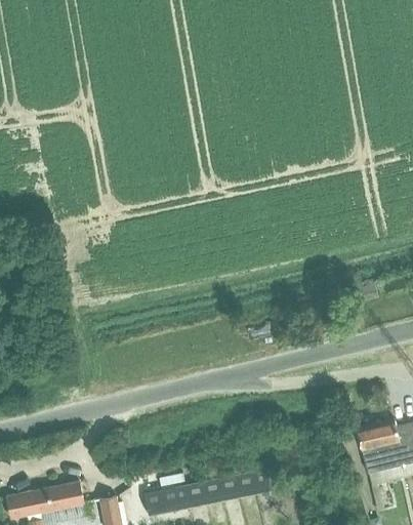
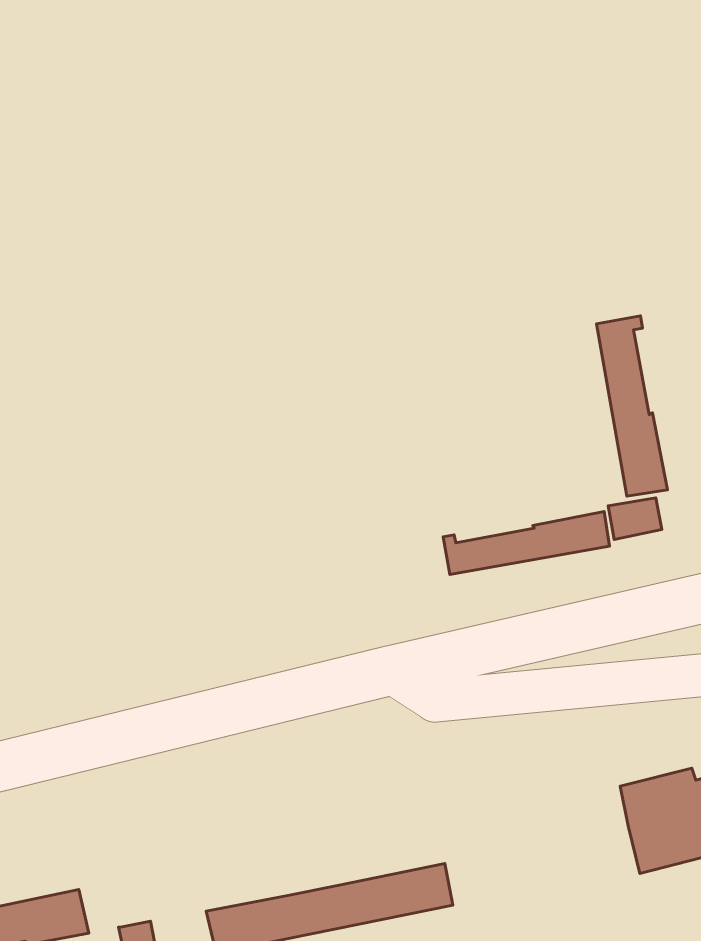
building: none -> [597,316,667,496]
building: none -> [443,512,610,574]

